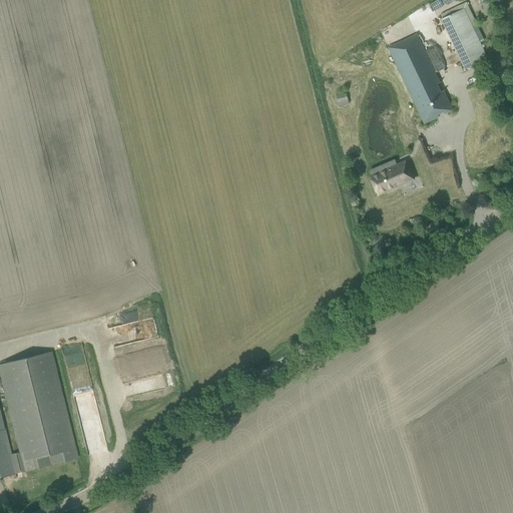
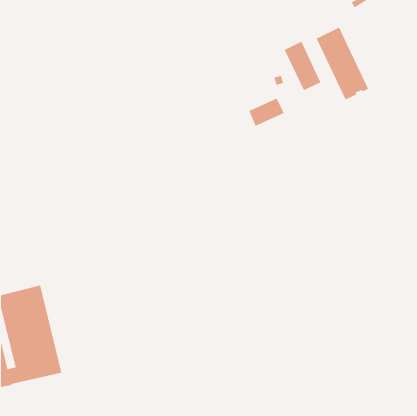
building: [441,7,487,68] -> [284,41,321,91]
building: [370,159,414,194] -> [249,98,284,126]

